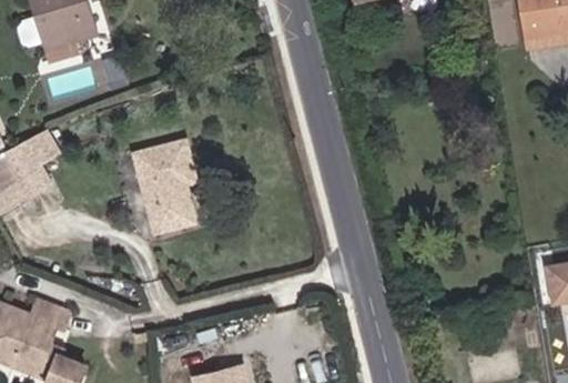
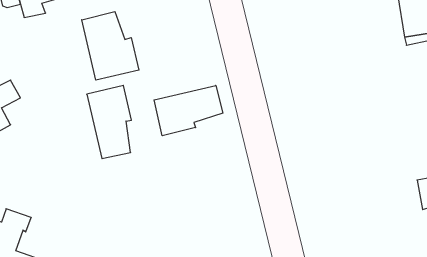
building: none -> [82,12,139,80]
building: none -> [154,85,223,136]

